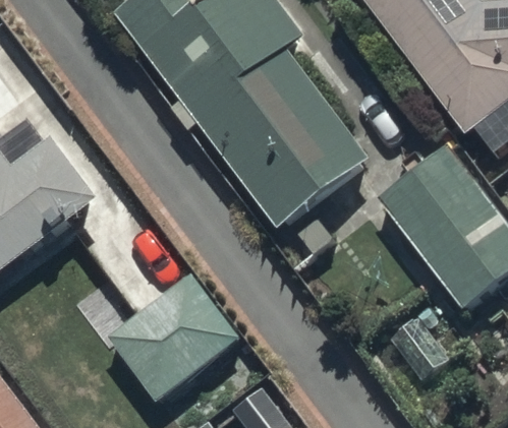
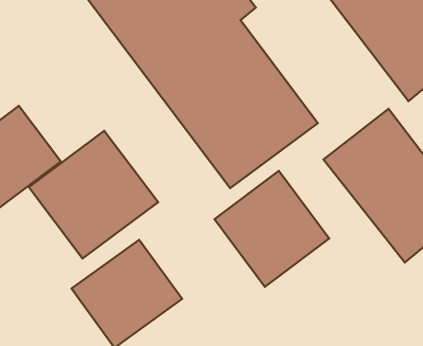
building: none -> [29,131,158,259]
building: none -> [215,171,329,287]

